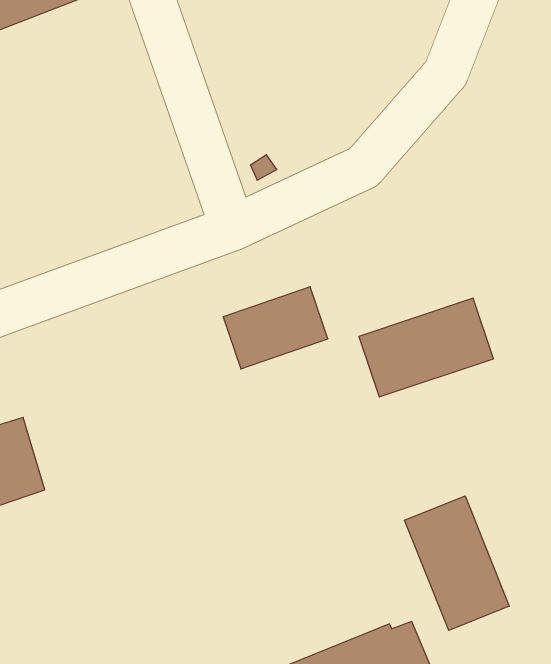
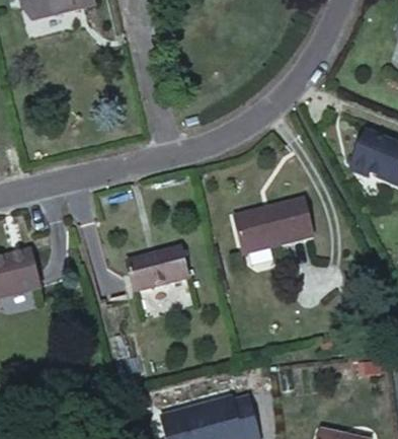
building: [223,287,328,369] -> [125,242,184,286]
building: [405,496,509,630] -> none

